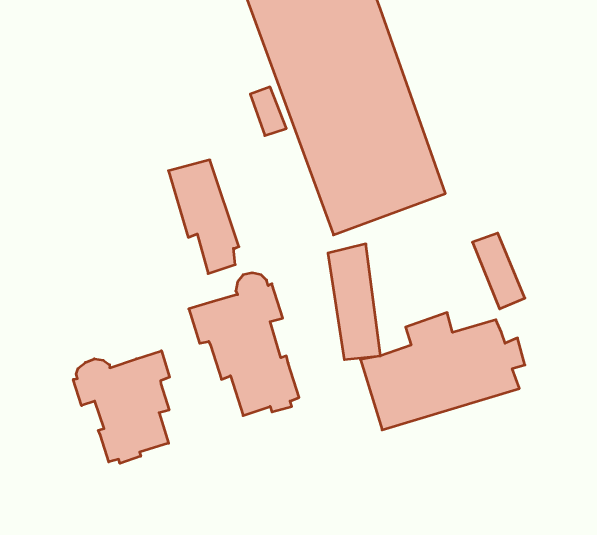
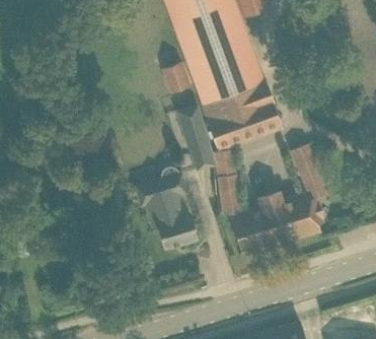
building: [168,160,239,274] -> [176,107,216,171]
building: [73,351,170,463] -> none

